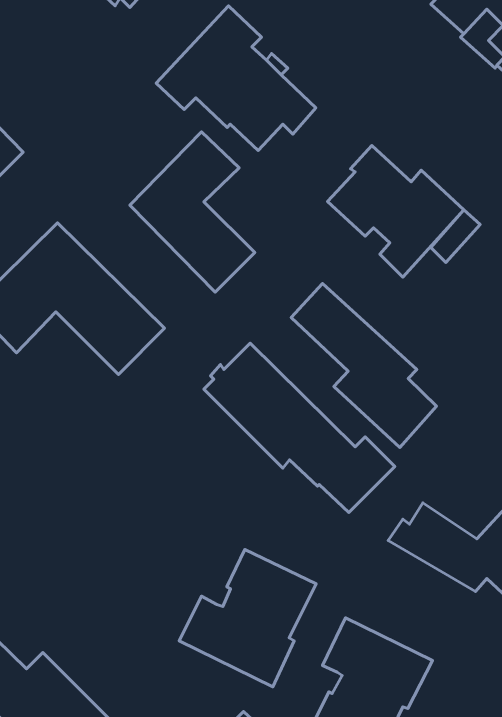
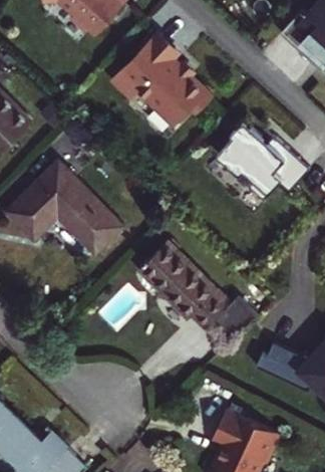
building: [130,132,255,292] -> none
building: [291,284,437,448] -> none
building: [179,549,316,687] -> none

